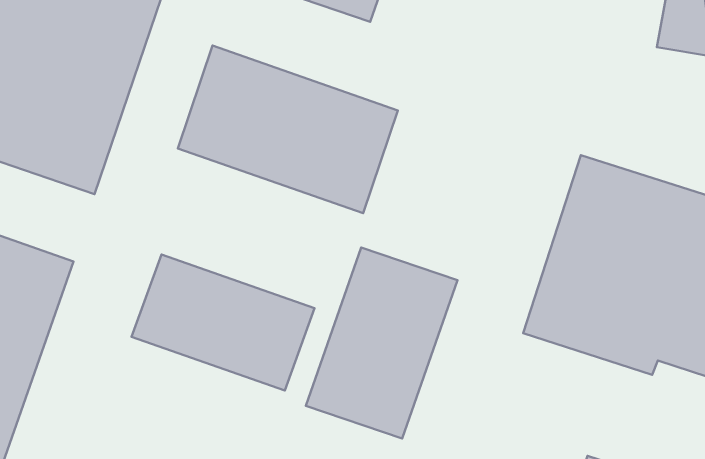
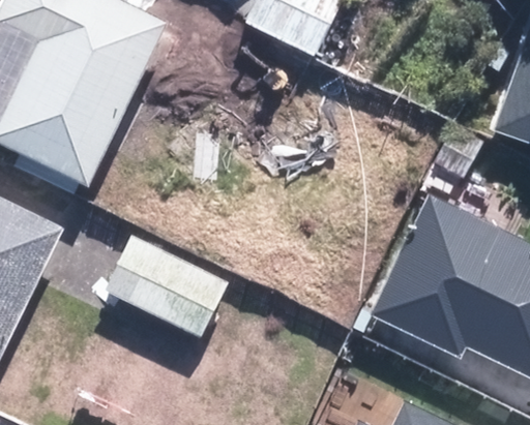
building: [178,46,398,213] -> none
building: [306,248,458,438] -> none

